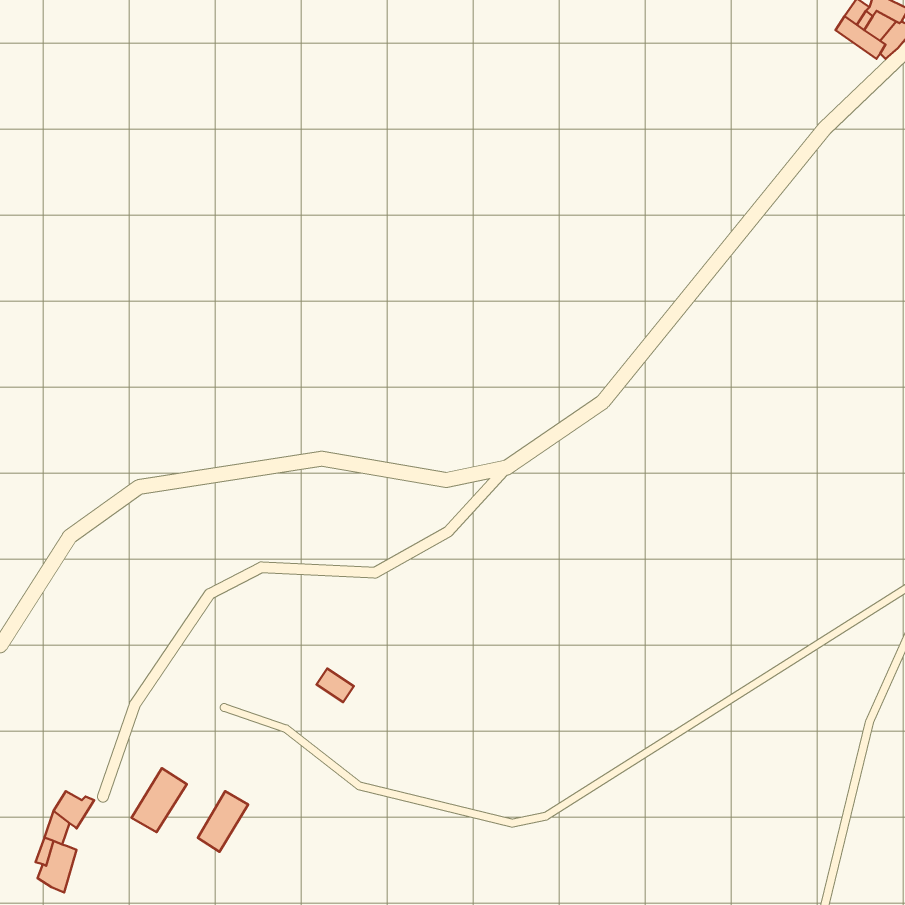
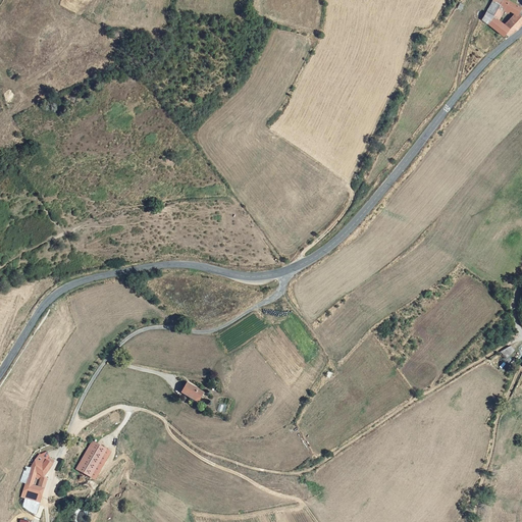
building: [198,791,248,852] -> none

